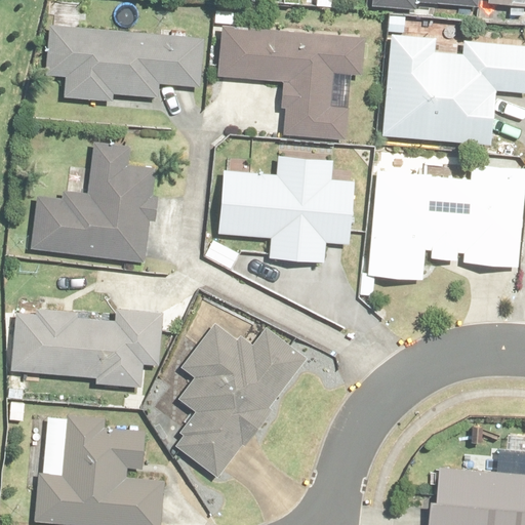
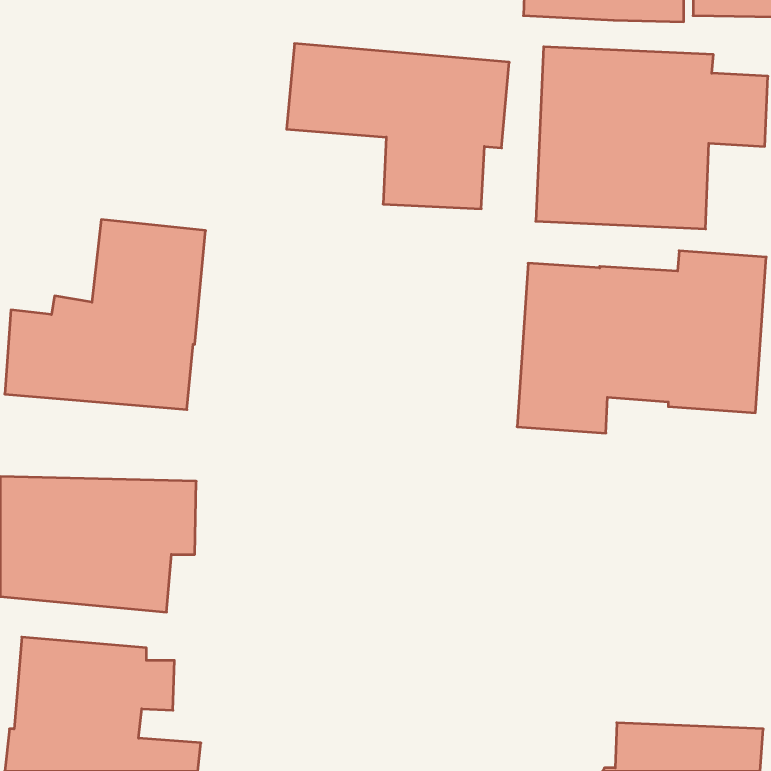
building: [33,28,194,110] -> none
building: [205,158,349,268] -> none
building: [159,330,298,484] -> none

